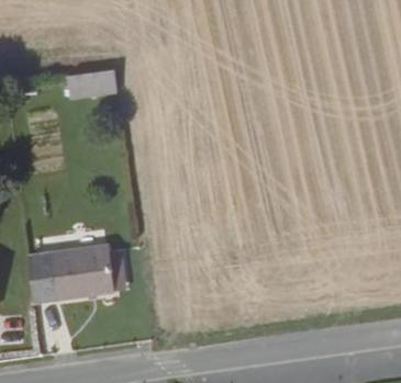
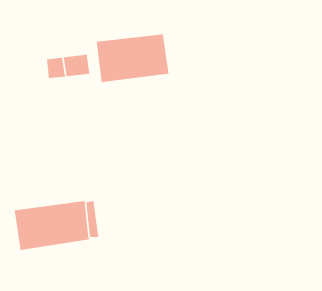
building: none -> [96,33,169,83]

